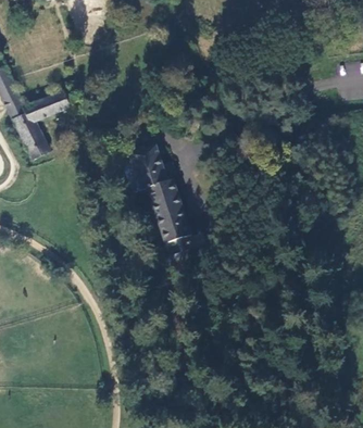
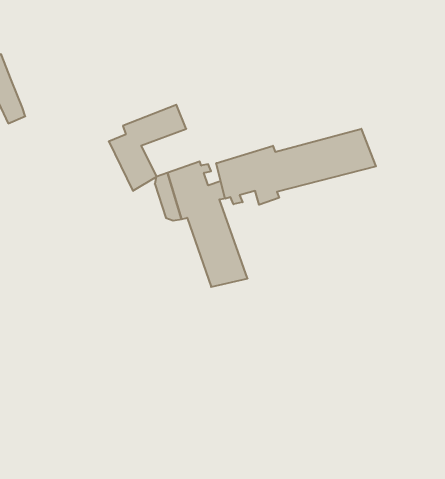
building: [10,89,70,155] -> [109,105,186,191]
building: none -> [216,129,376,205]

